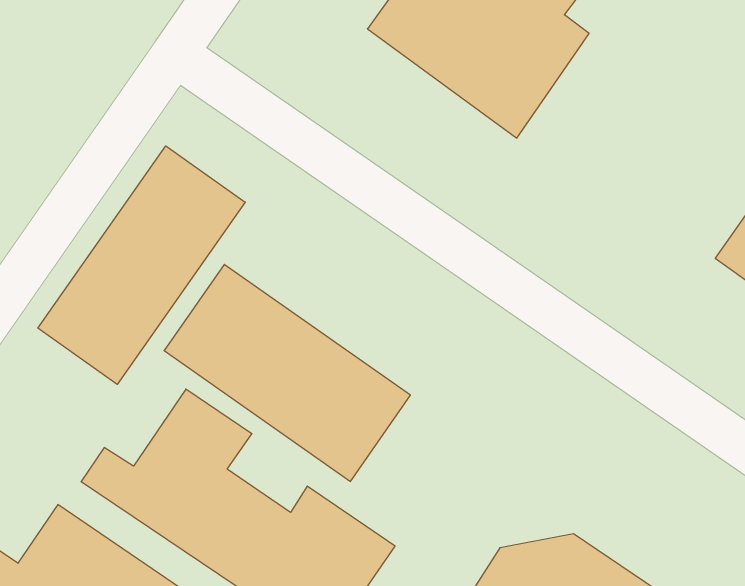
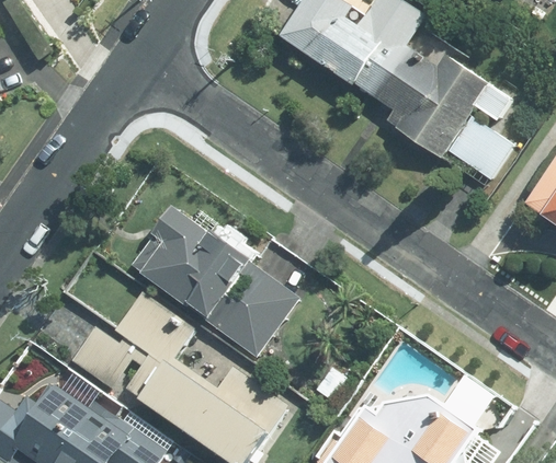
building: none -> [379,42,520,182]
building: [38,146,245,384] -> none

